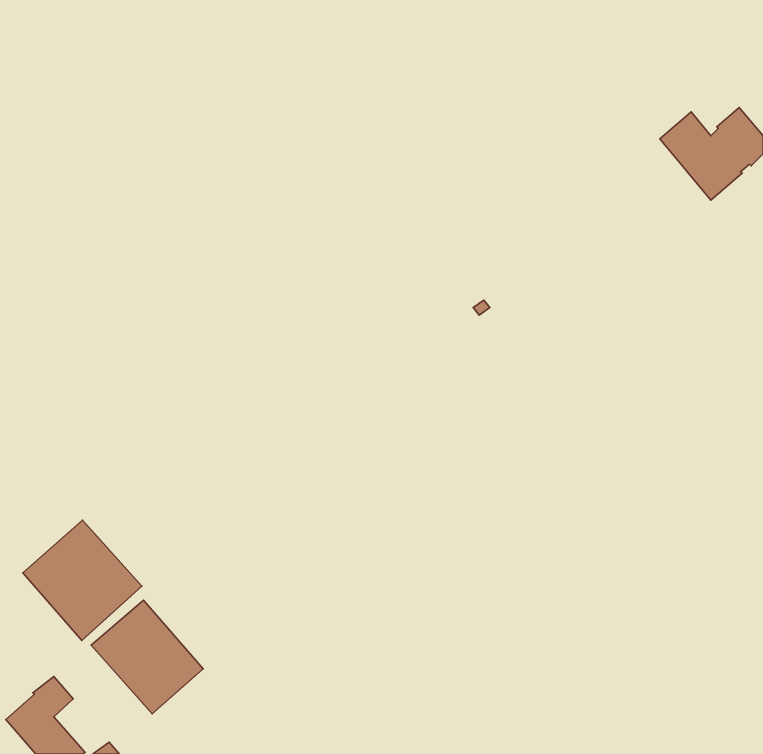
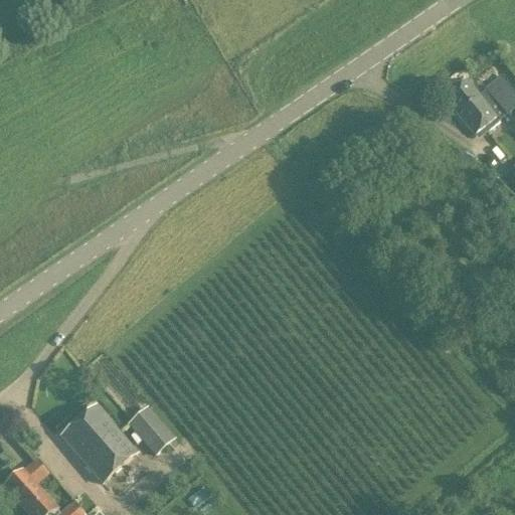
building: [23,520,142,640] -> none
building: none -> [128,404,179,453]

